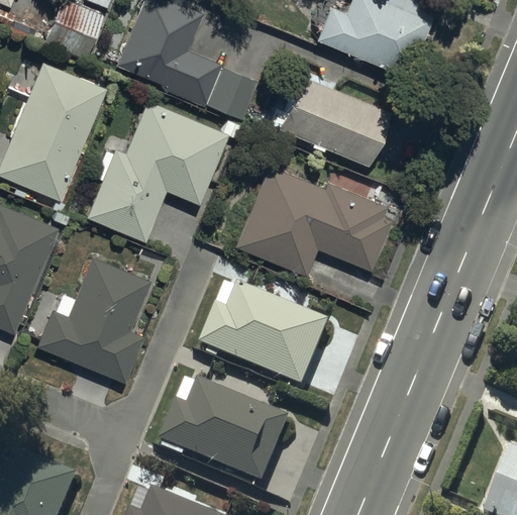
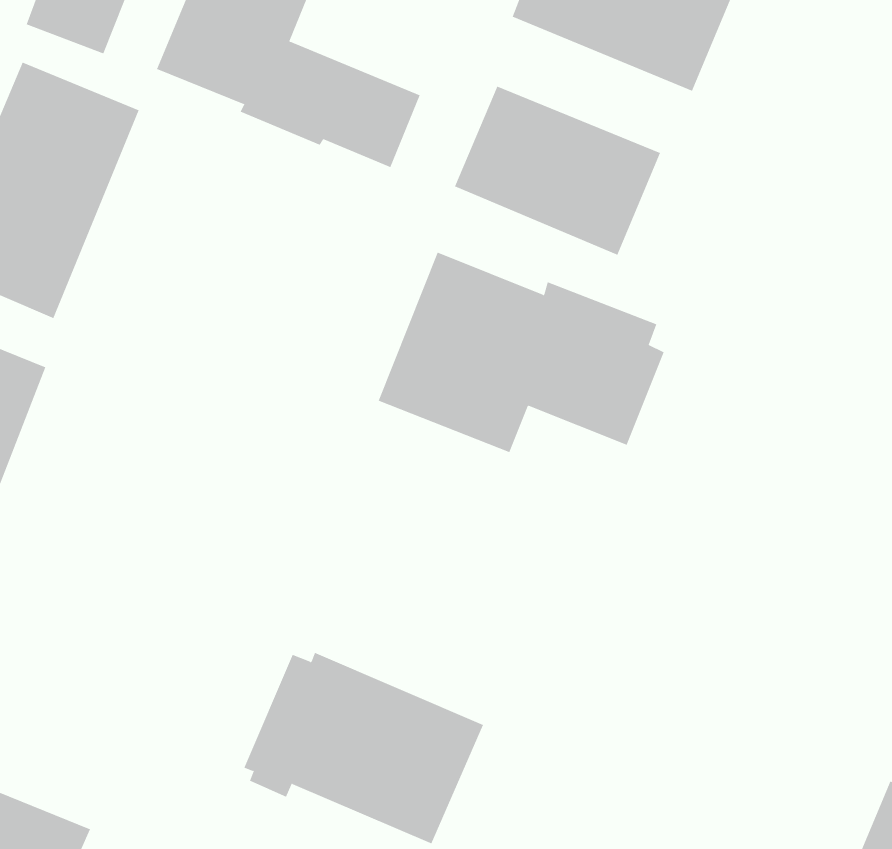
building: [87,102,228,241] -> none
building: [37,255,151,383] -> none
building: [203,282,333,389] -> none

